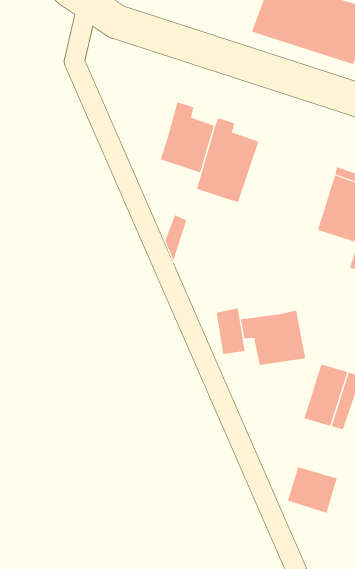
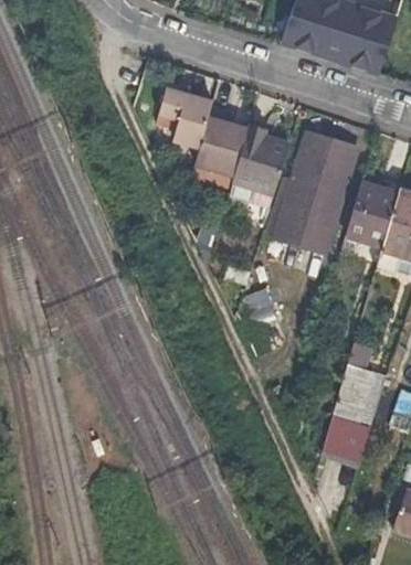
building: none -> [158,88,210,148]
building: none -> [267,130,358,252]
building: [240,310,306,366] -> none
building: [287,467,337,513] -> [322,415,370,460]

